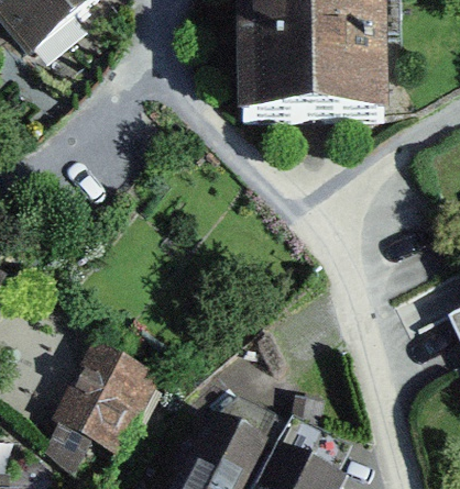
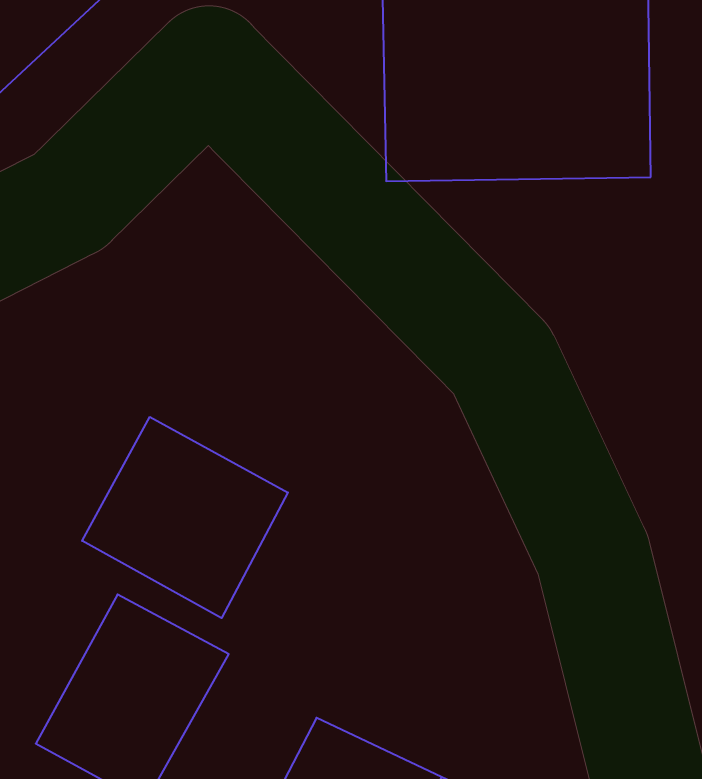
building: none -> [82,417,288,618]

